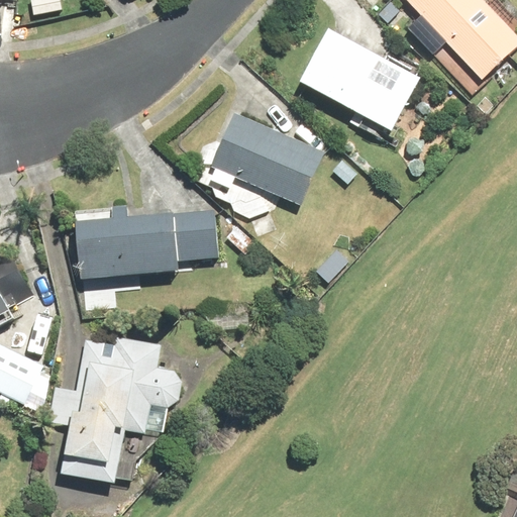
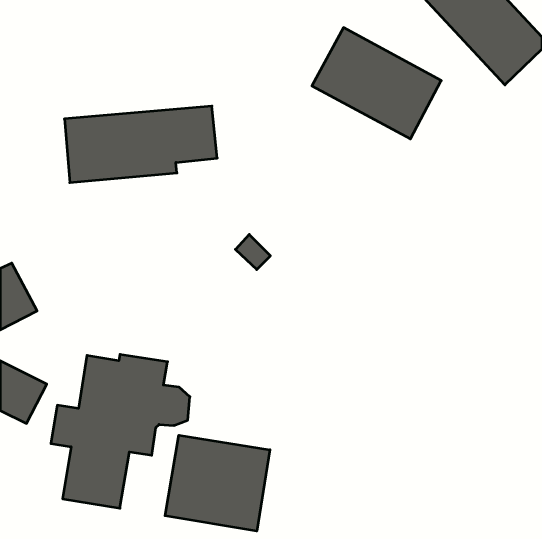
building: [210,110,324,206] -> none
building: [73,208,218,281] -> [64,106,217,183]
building: none -> [165,435,270,531]

